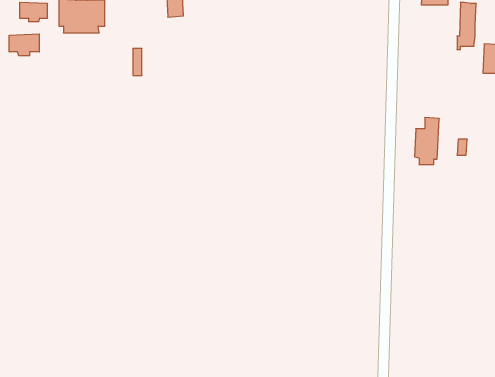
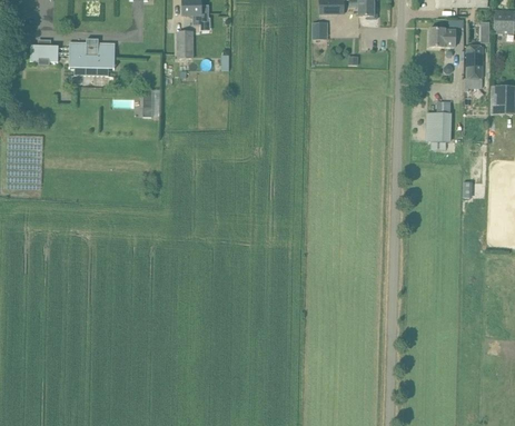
building: [9,34,39,56] -> none
building: [415,118,439,165] -> [426,100,450,147]

